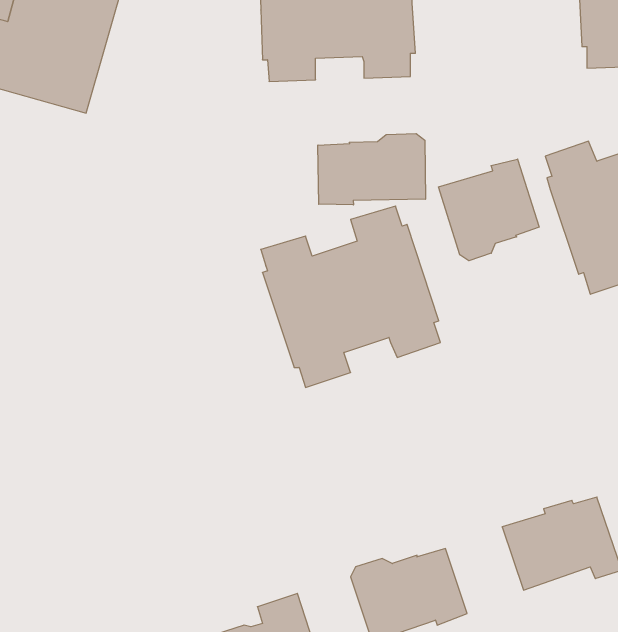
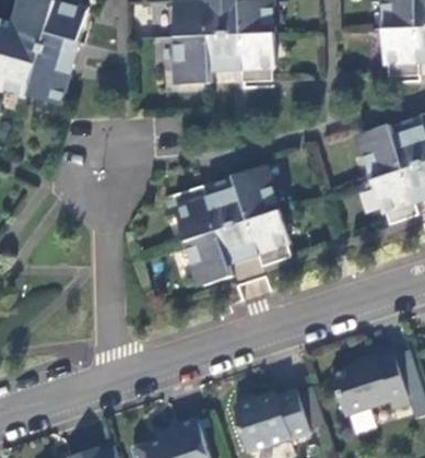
building: [318,134,425,205] -> none
building: [438,159,539,261] -> none

